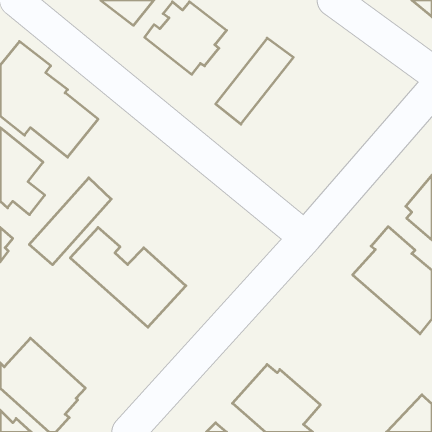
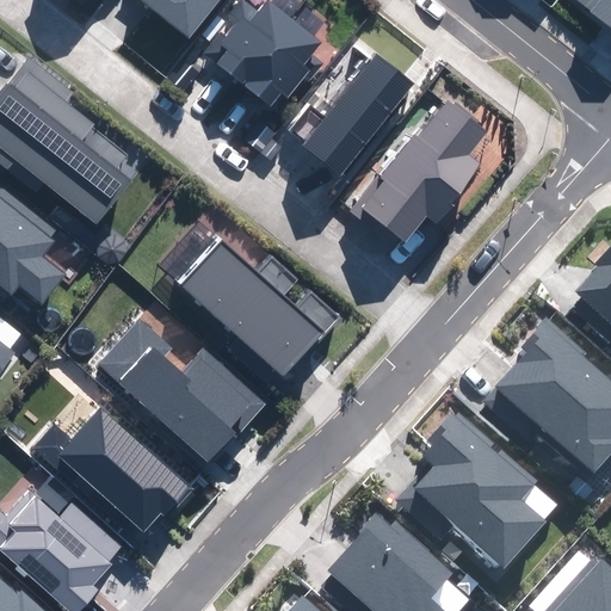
building: none -> [351,100,485,249]
building: none -> [177,240,337,378]
building: [29,178,111,265] -> none
building: none -> [35,408,192,539]
building: none -> [400,415,545,567]

